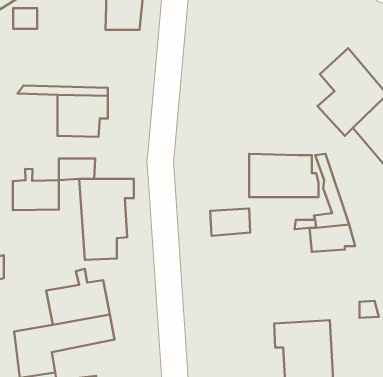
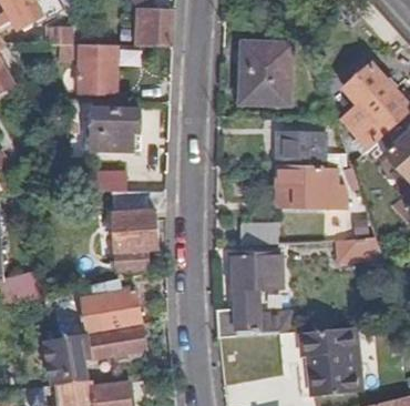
building: none -> [240,43,289,103]
building: none -> [80,44,116,93]
building: none -> [276,134,324,168]
building: [13,169,59,210] -> none
building: none -> [216,251,290,336]

